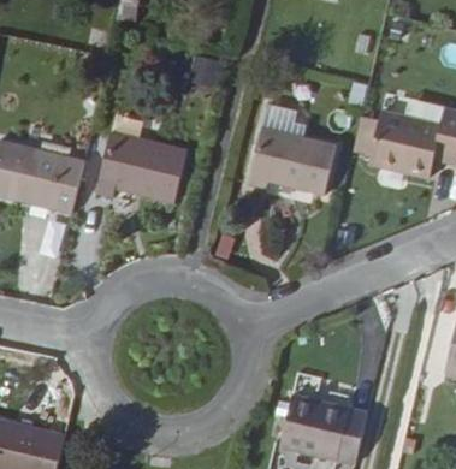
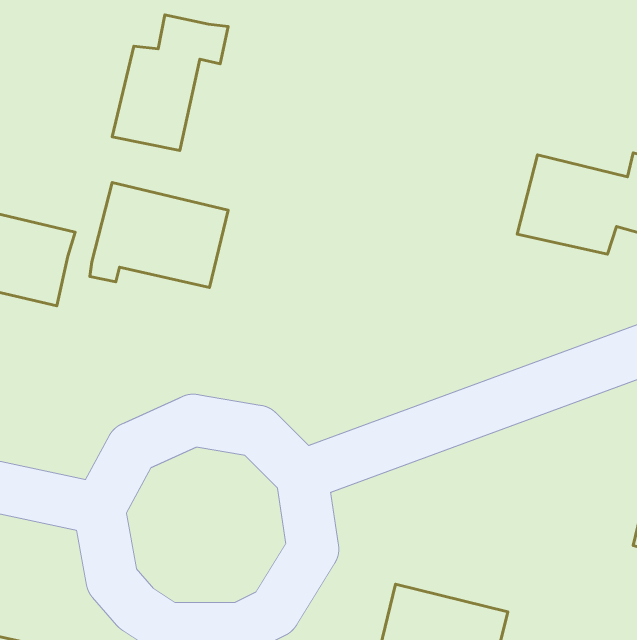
building: none -> [112,15,228,150]
building: [249,126,338,194] -> none

